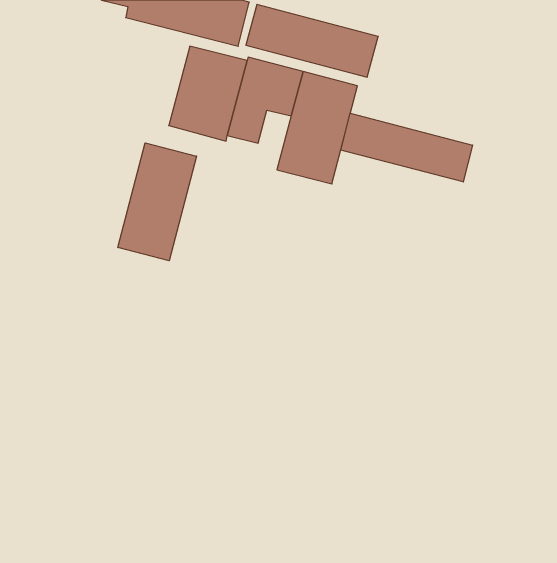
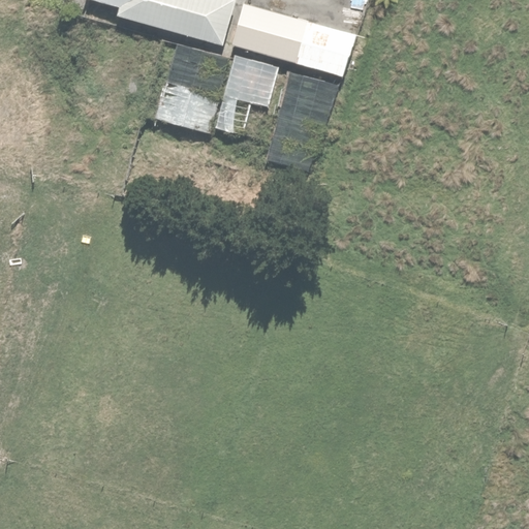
building: [341,113,473,182] -> none
building: [118,143,197,261] -> none

